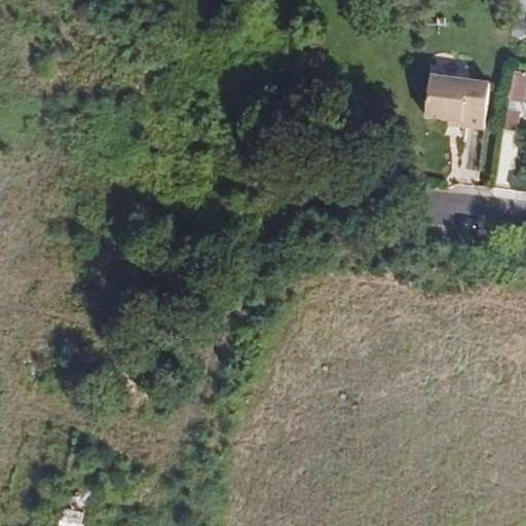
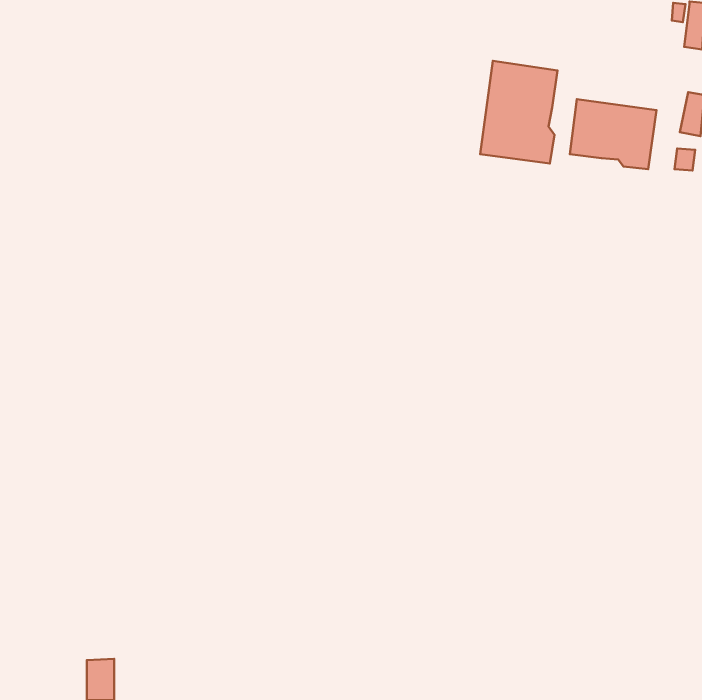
building: none -> [480,61,558,164]

